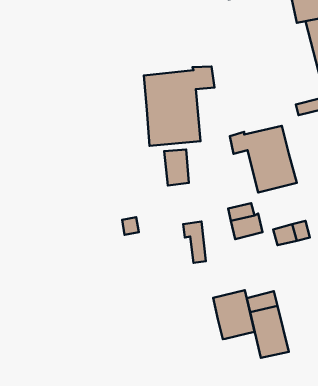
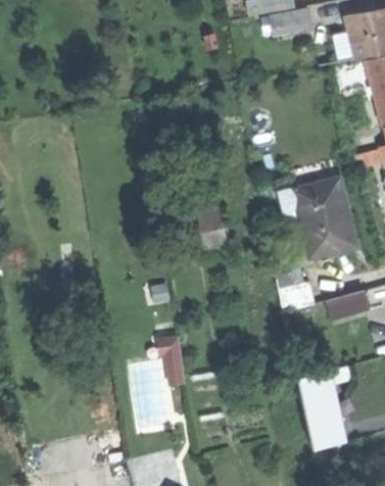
building: [144,66,215,146] -> none
building: [183,222,206,263] -> [159,334,186,382]
building: [213,290,254,339] -> none

